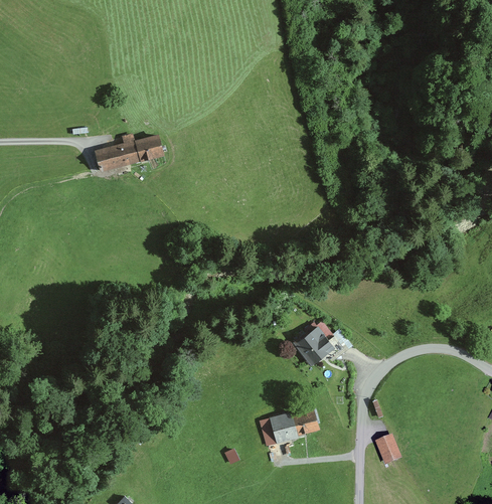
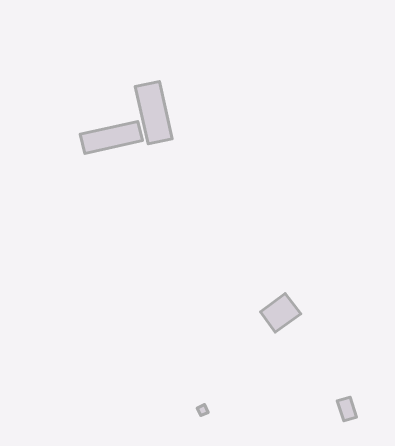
building: none -> [135,81,172,144]
building: [258,409,316,449] -> none

